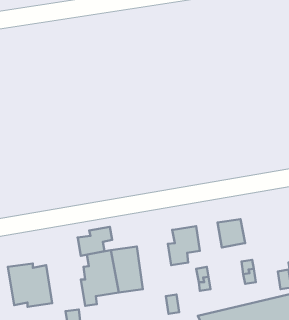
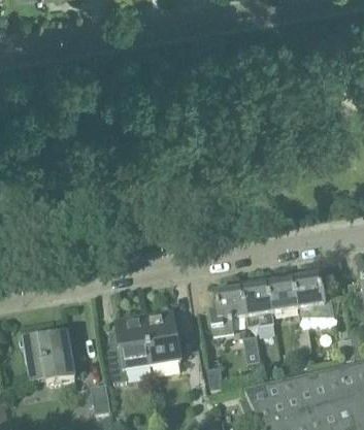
building: none -> [294,273,332,317]
building: none -> [242,283,274,325]
building: [77,227,112,256] -> none

